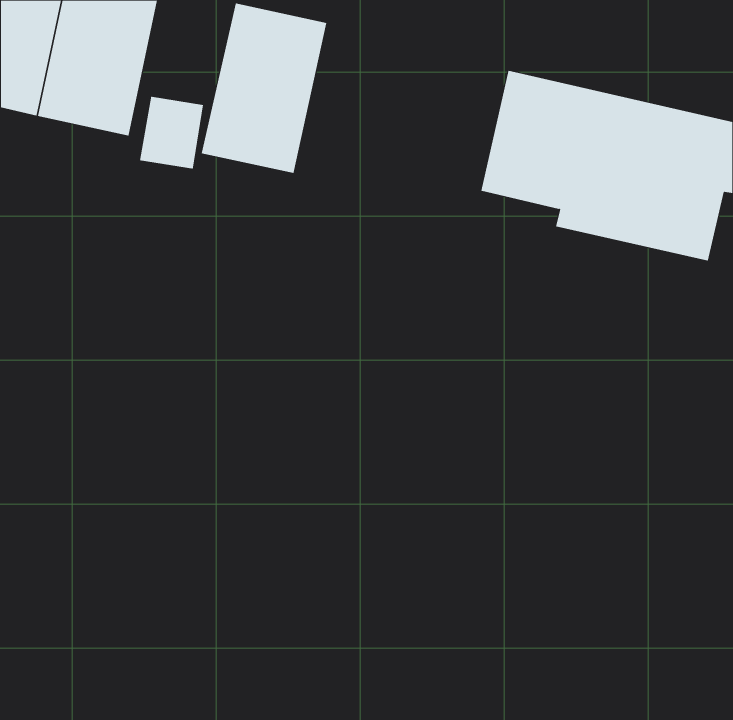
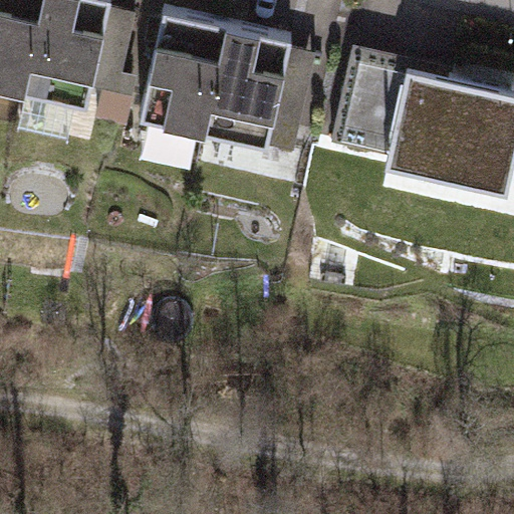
building: none -> [206,25,293,145]

